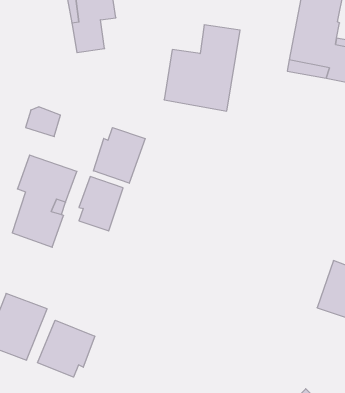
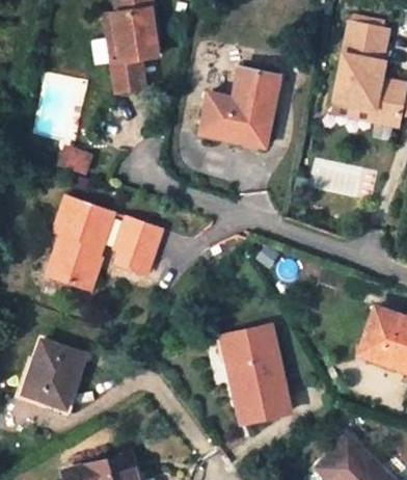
building: [93,128,145,183] -> none
building: none -> [220,325,291,421]
building: [38,320,95,377] -> none

